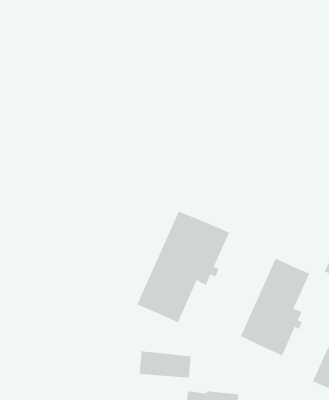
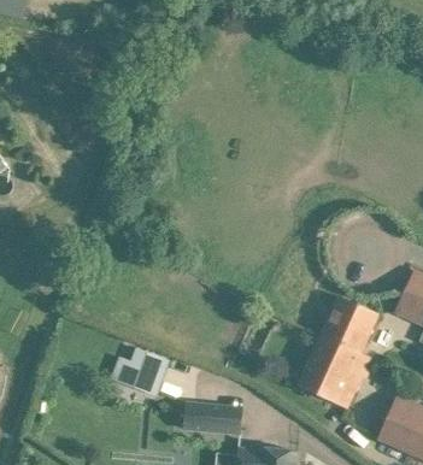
building: [137,211,230,323] -> none
building: none -> [108,348,166,396]

